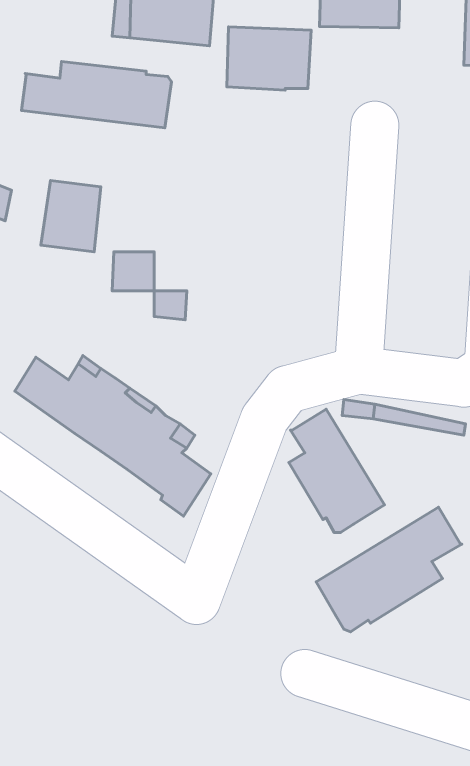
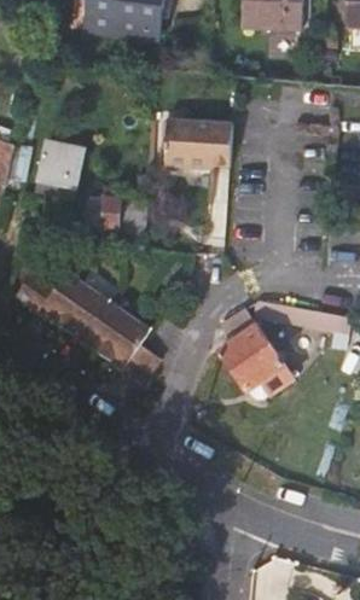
building: [227,27,311,90] -> [168,121,231,168]
building: [22,61,171,128] -> none
building: [316,507,462,632] -> none

